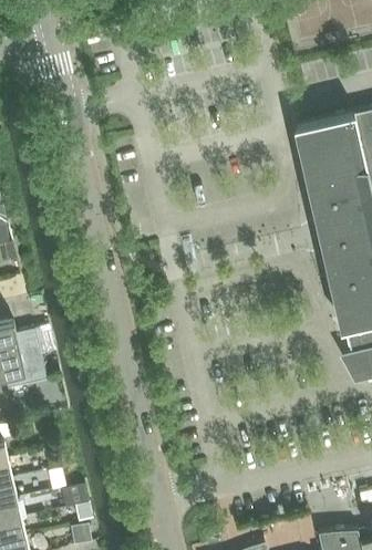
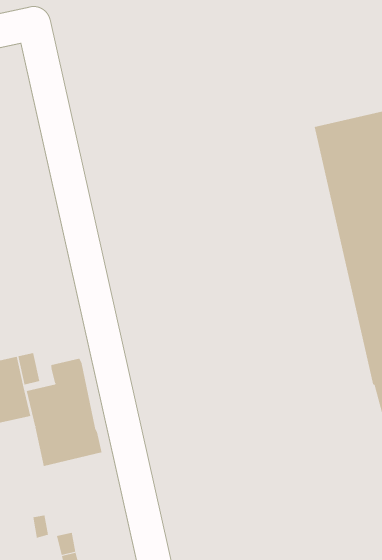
building: none -> [26,358,102,467]

